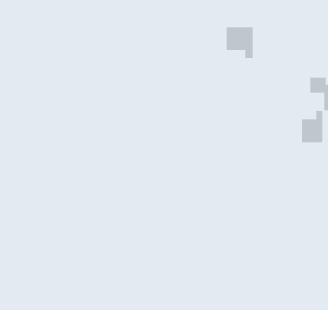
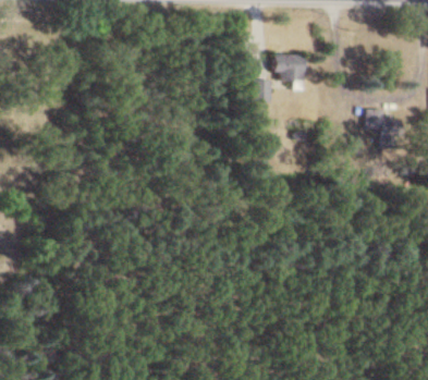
building: [302,110,323,143] -> none

